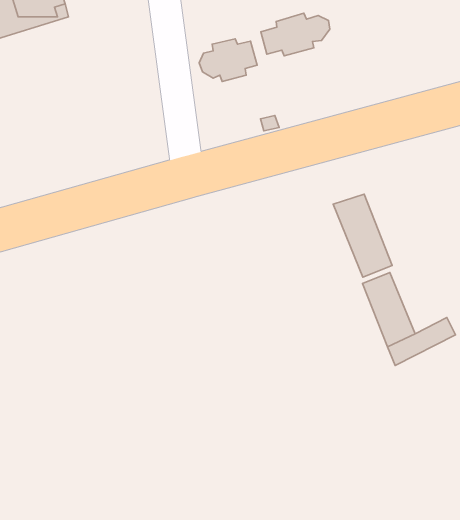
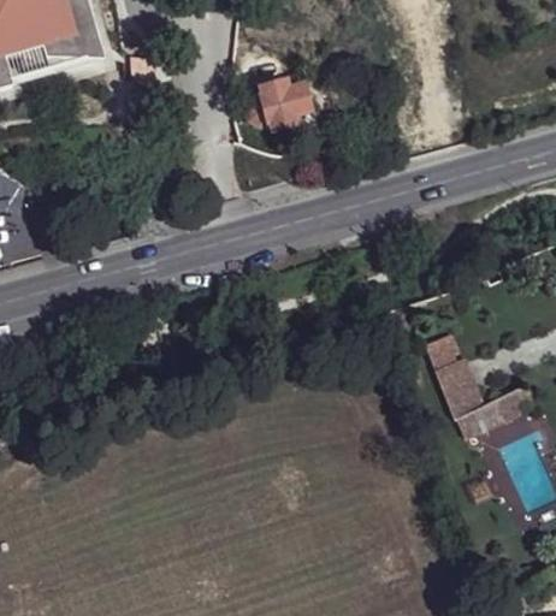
building: [261,13,330,56] -> none
building: [333,194,392,277] -> none

